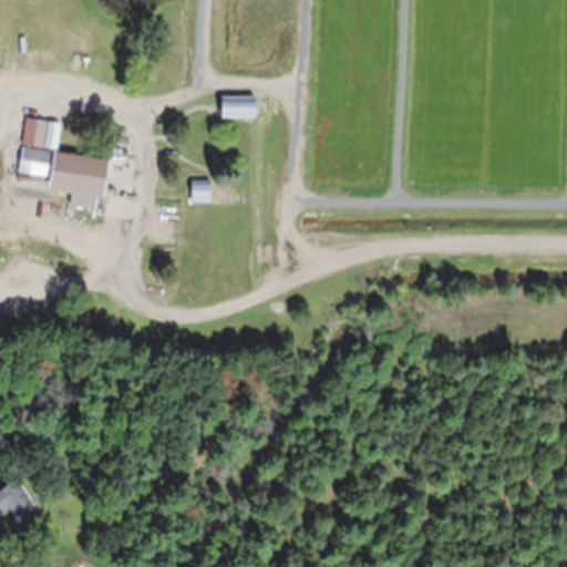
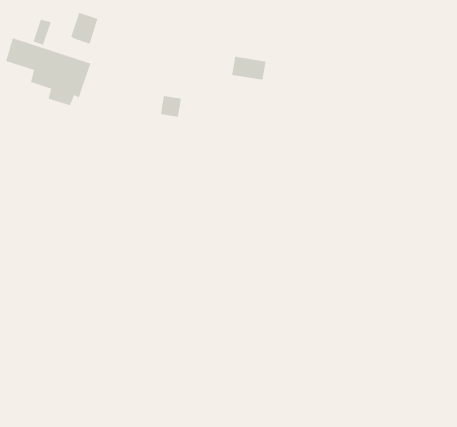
building: [220,96,255,117] -> [231,56,266,81]
building: [21,116,48,148] -> [70,12,99,45]

